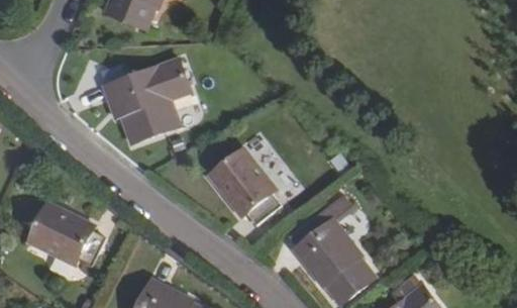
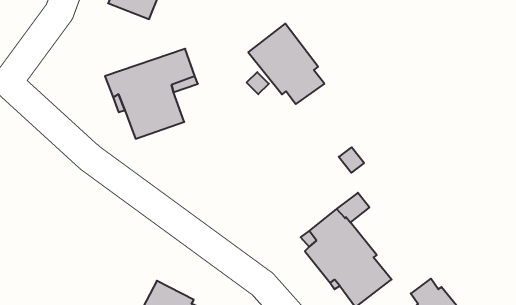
building: [209,148,282,225] -> [248,24,324,104]
building: [27,203,106,268] -> none

